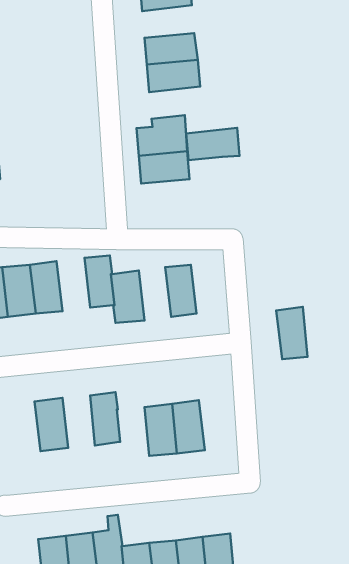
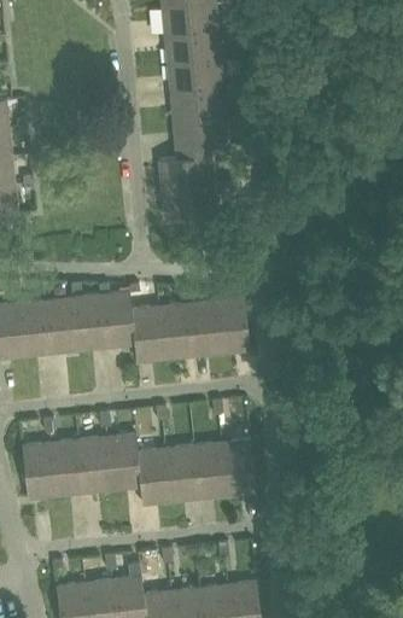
building: none -> [164,30,218,64]
building: [186,128,239,160] -> [171,115,227,148]
building: none -> [75,293,110,349]
building: none -> [160,303,194,358]
building: [276,307,307,359] -> [215,297,247,351]
building: none -> [81,437,115,491]
building: none -> [223,439,256,494]
building: none -> [22,443,58,497]
building: none -> [138,449,171,503]

